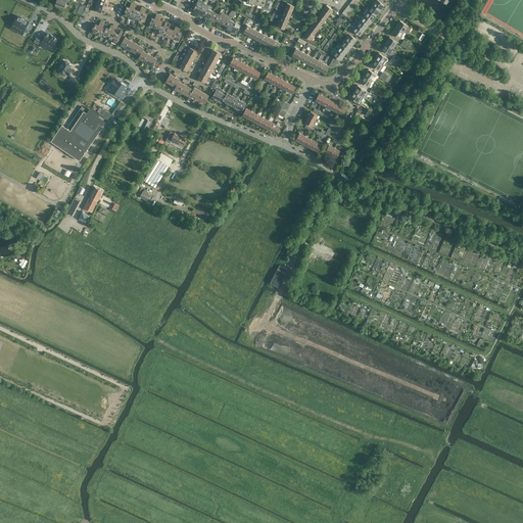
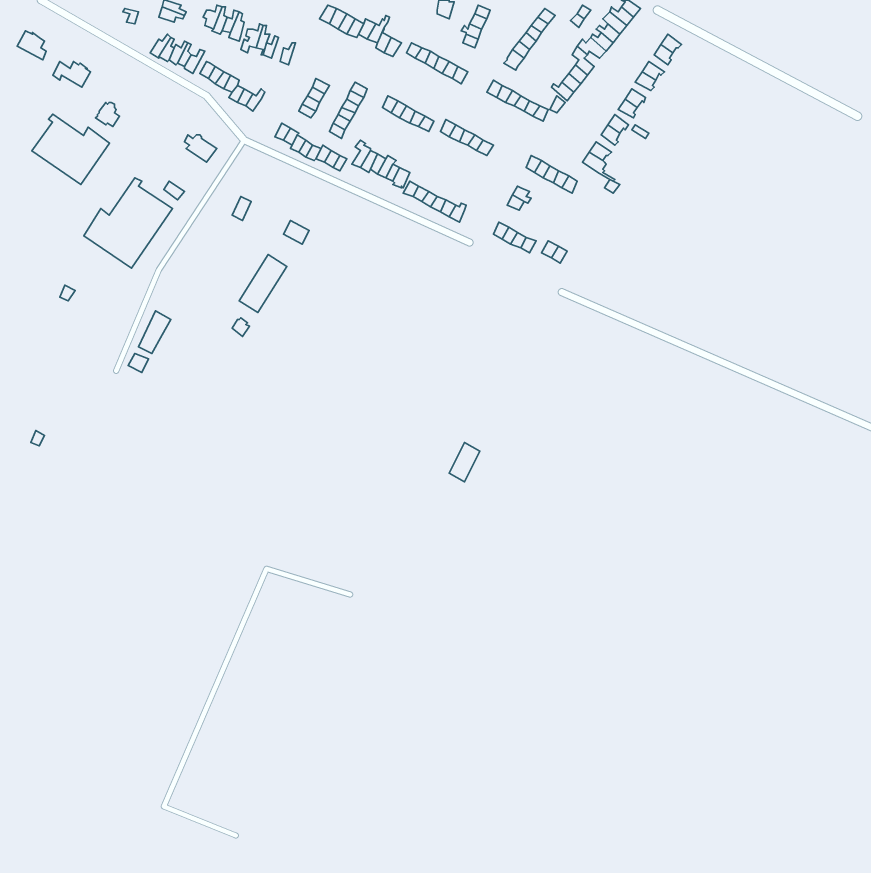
building: none -> [32,114,109,184]

